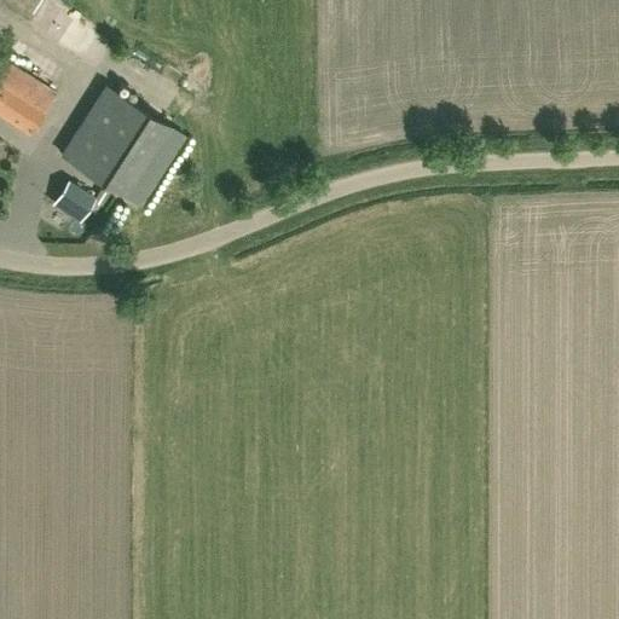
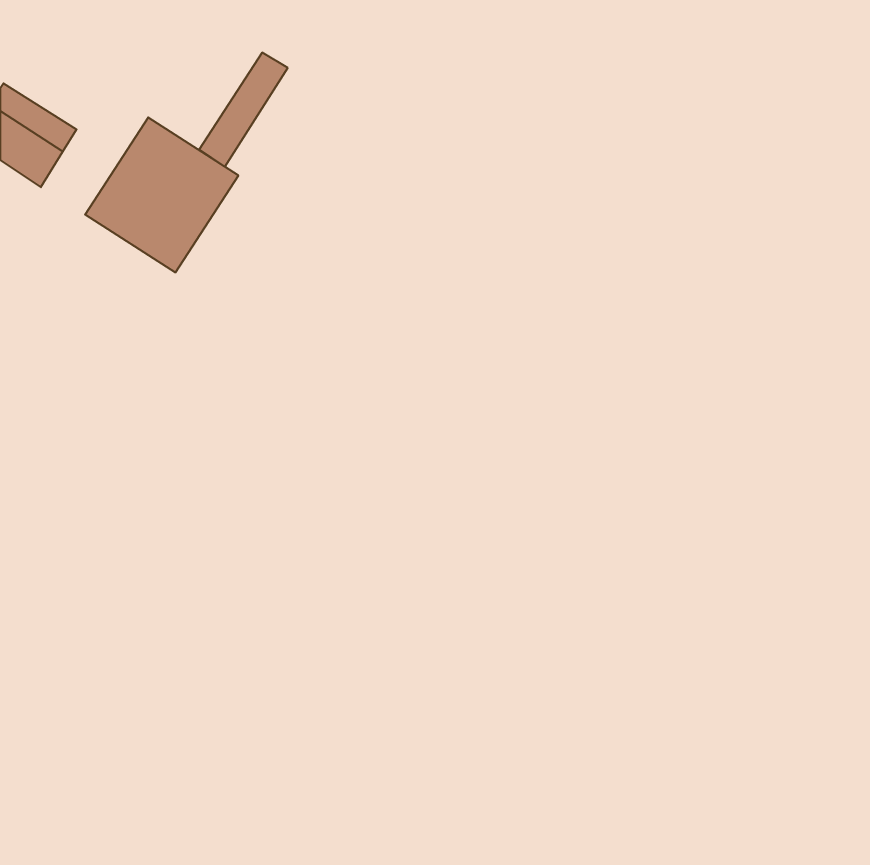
building: [125,128,187,209] -> [199,53,288,167]
building: [54,185,93,221] -> none

